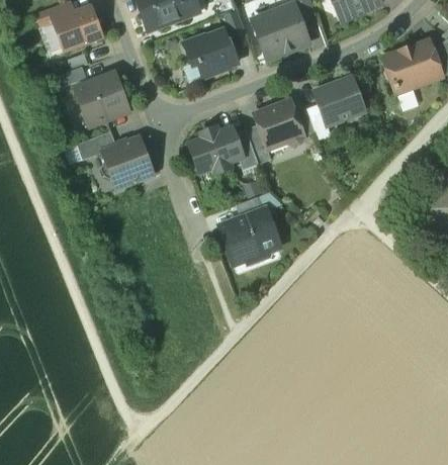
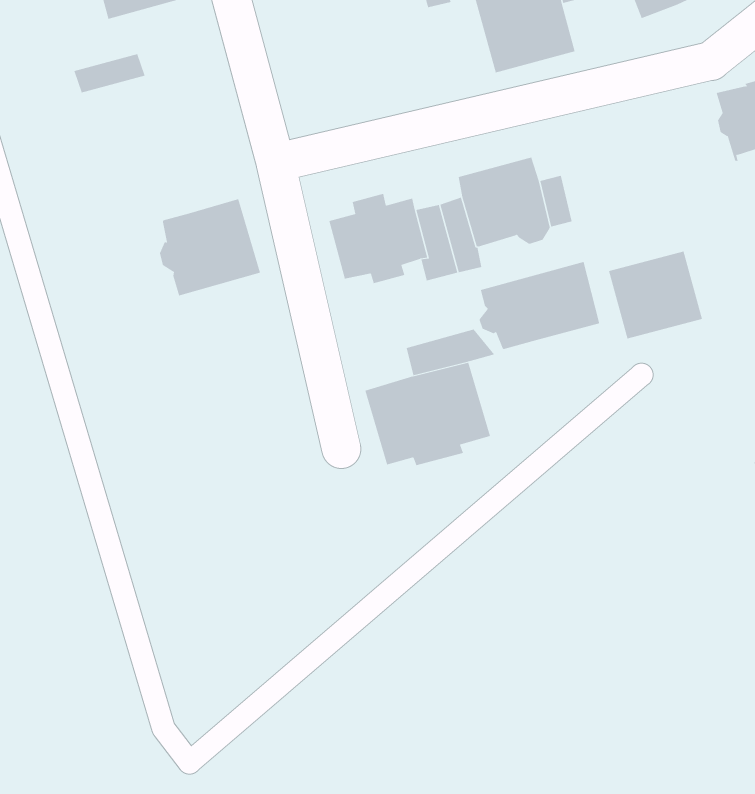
building: [184,29,238,77] -> none
building: [75,73,128,124] -> none
building: [313,76,365,124] -> [608,251,703,339]
building: [77,130,116,159] -> none
building: none -> [479,261,600,350]

